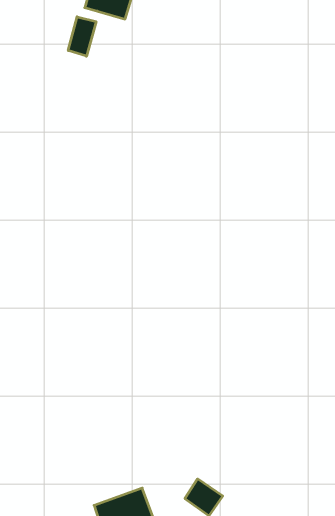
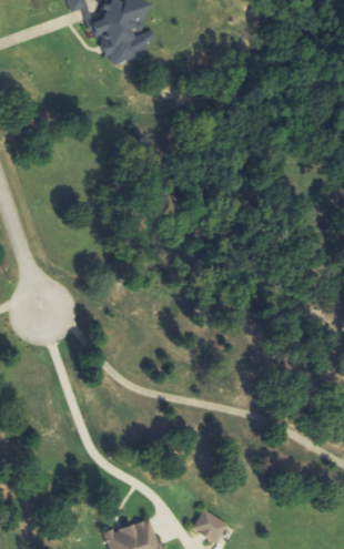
building: [68,17,96,56] -> none

